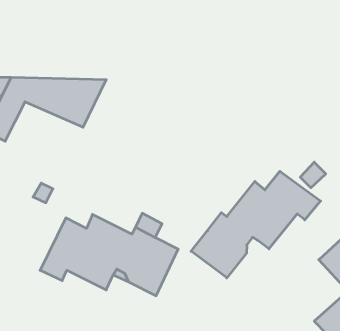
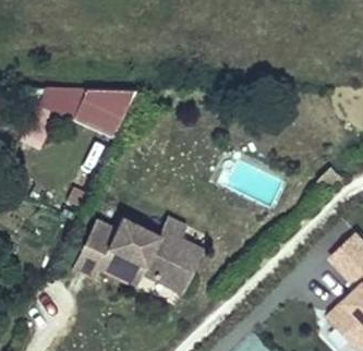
building: [191,171,321,278] -> none

